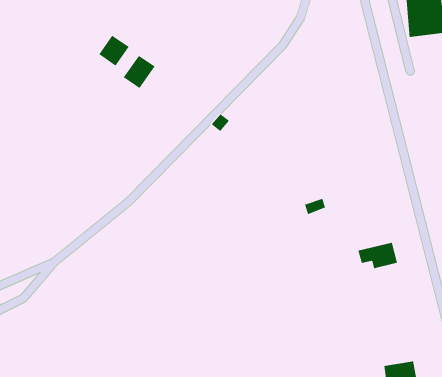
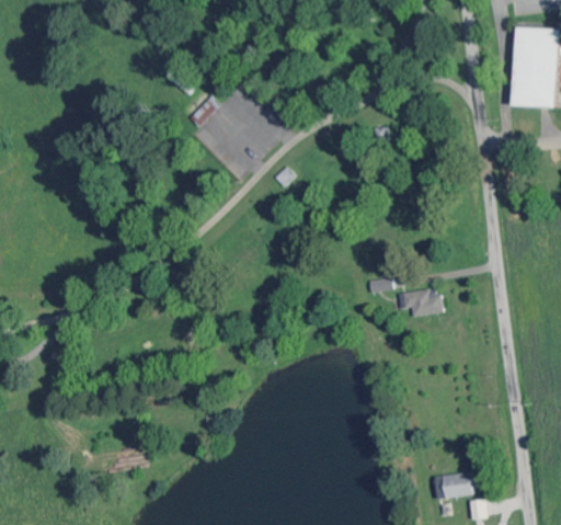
building: [99,35,129,67] -> none
building: [358,242,398,269] -> [399,288,443,316]

